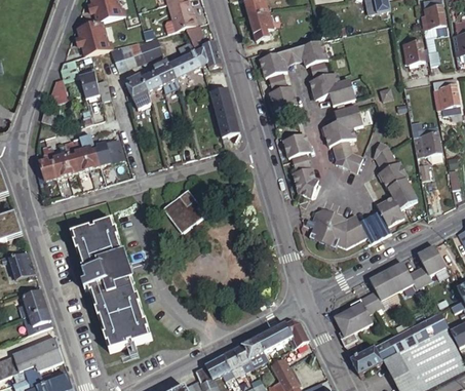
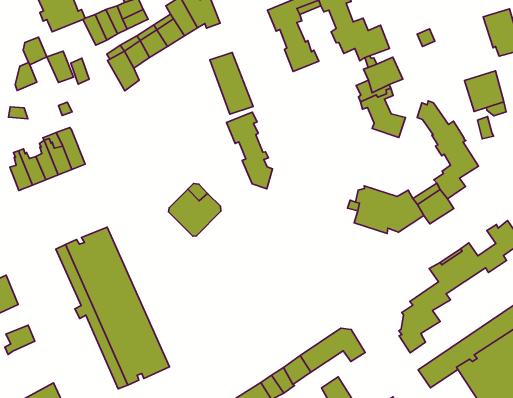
building: [283,133,316,196] -> [226,112,272,189]
building: [92,136,124,166] -> none
building: [23,304,52,335] -> none

